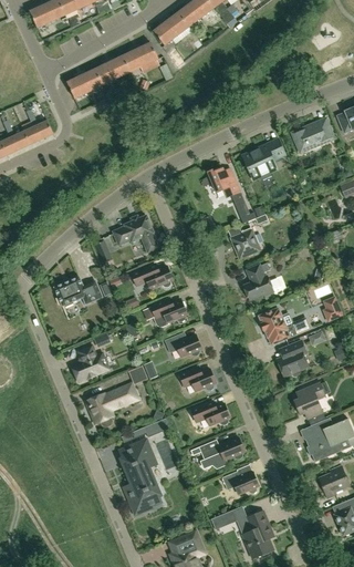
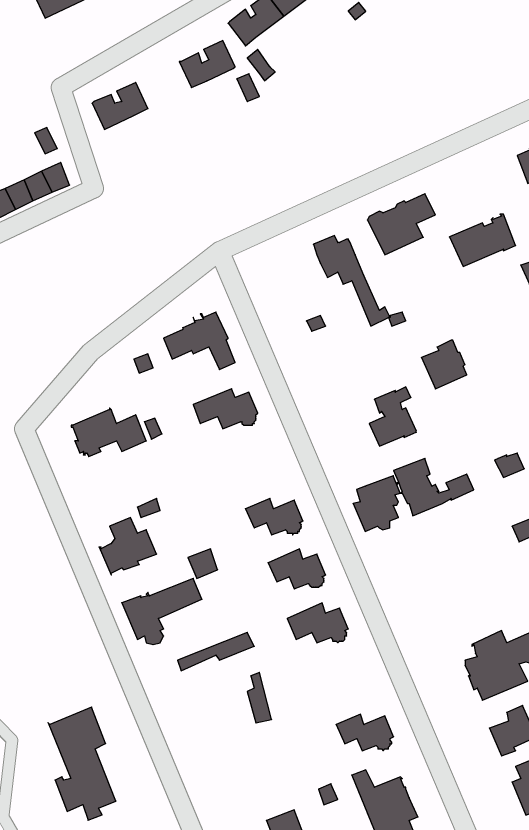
building: [94,55,129,85] -> none
building: [291,118,333,152] -> [449,214,516,266]
building: [230,227,259,258] -> [421,340,467,389]
building: [149,298,186,327] -> none
building: [275,341,305,377] -> [353,476,400,531]
building: [293,382,329,419] -> none
building: [190,437,243,466] -> none
building: [117,440,160,512] -> [48,707,116,820]

